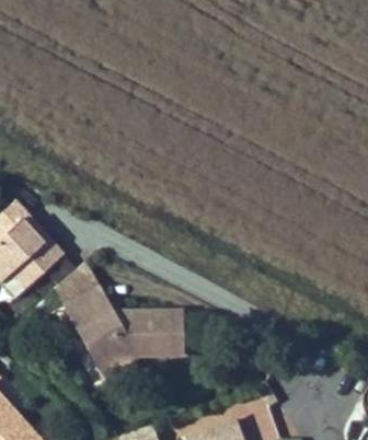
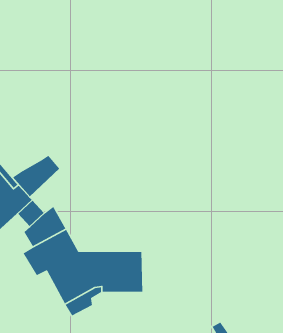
building: none -> [12,155,60,197]

